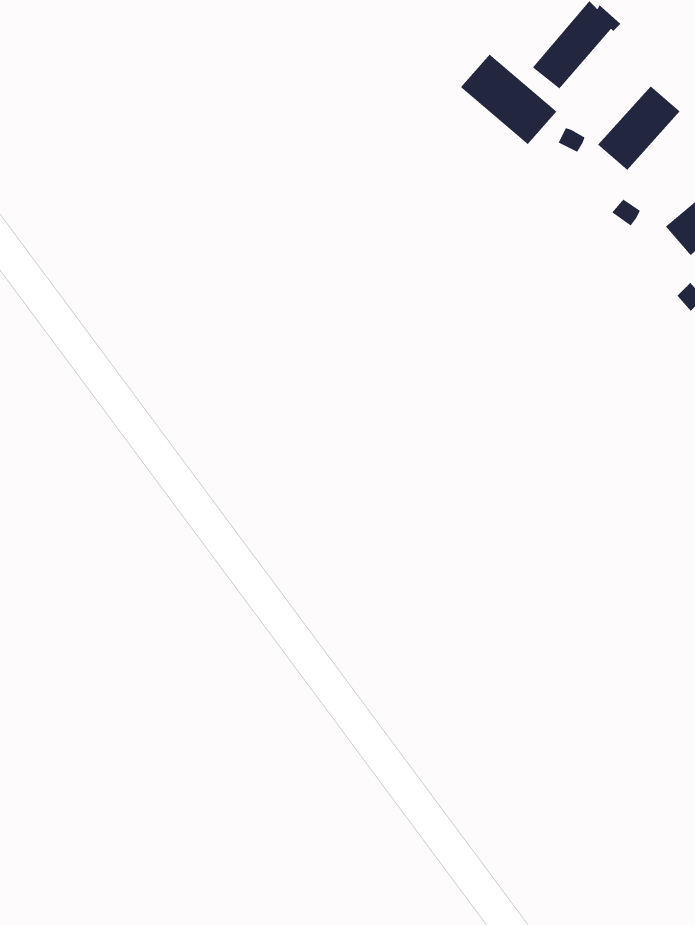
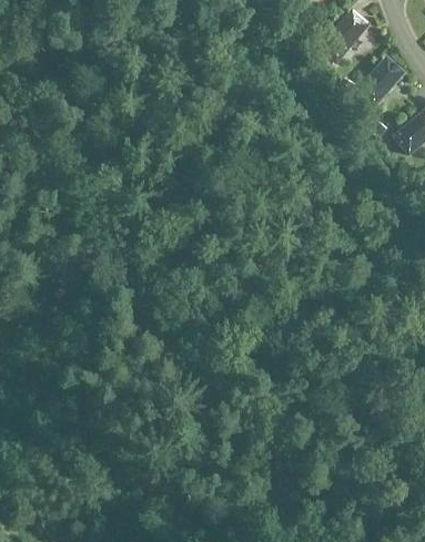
building: [460,54,557,145] -> none

